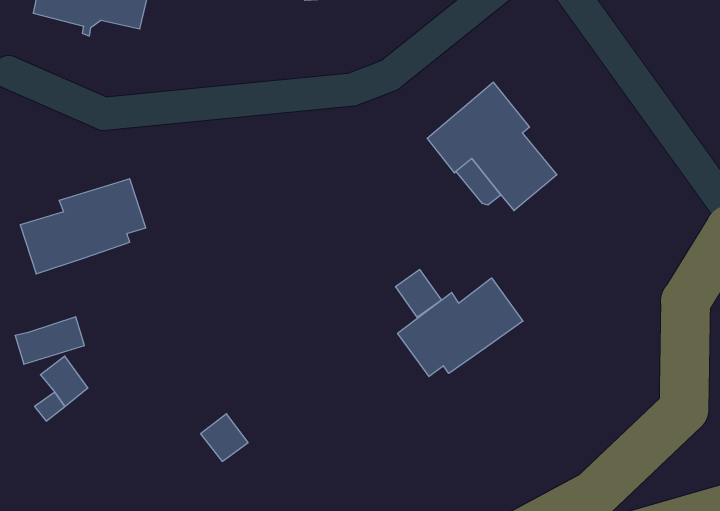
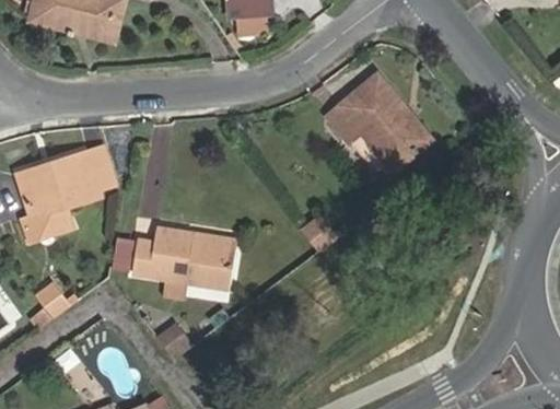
building: [398,278,523,377] -> none
building: none -> [131,229,235,289]
building: [15,317,84,364] -> [21,207,73,243]

